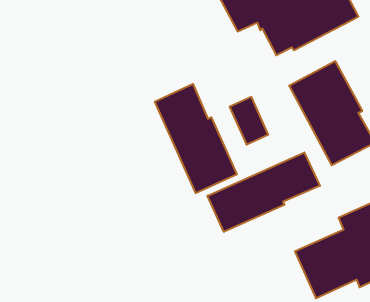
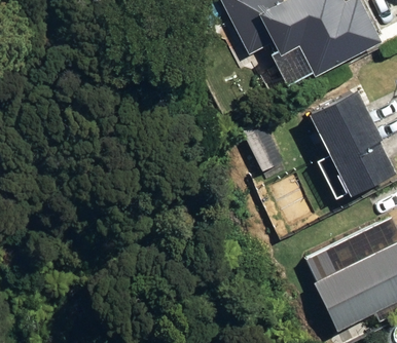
building: [155,84,237,193] -> none
building: [207,152,320,232] -> none

